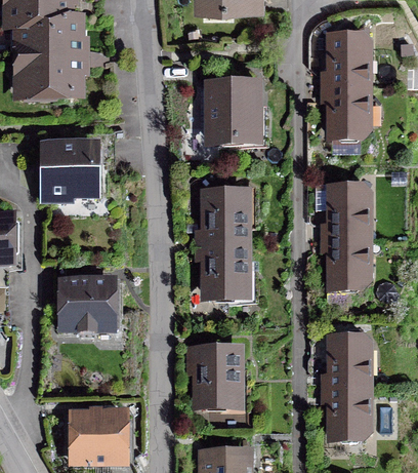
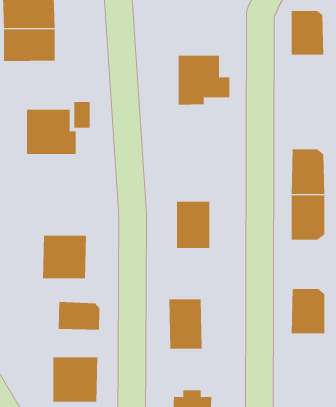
building: [329,88,365,139] -> none
building: [205,195,242,246] -> none
building: none -> [58,301,100,330]
building: [329,390,366,439] -> none

